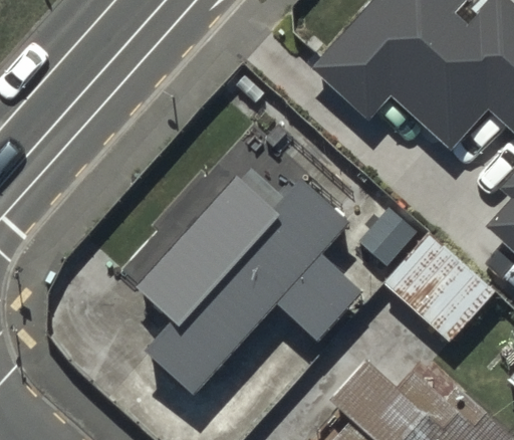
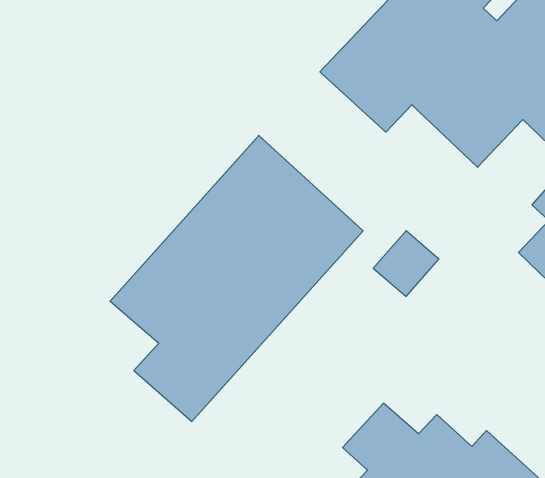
building: [386,234,496,344] -> none

